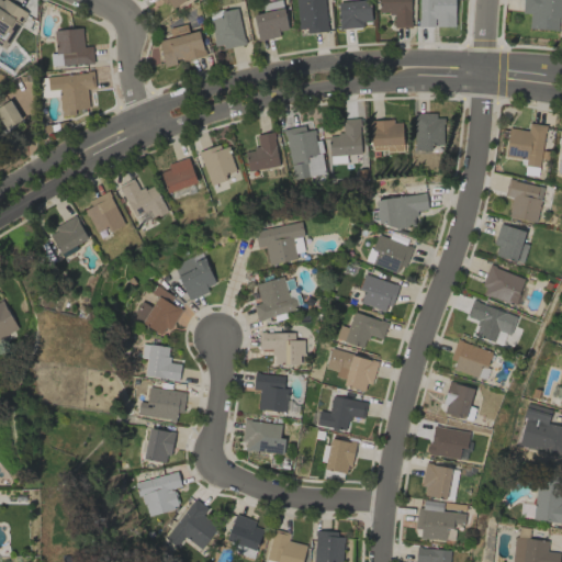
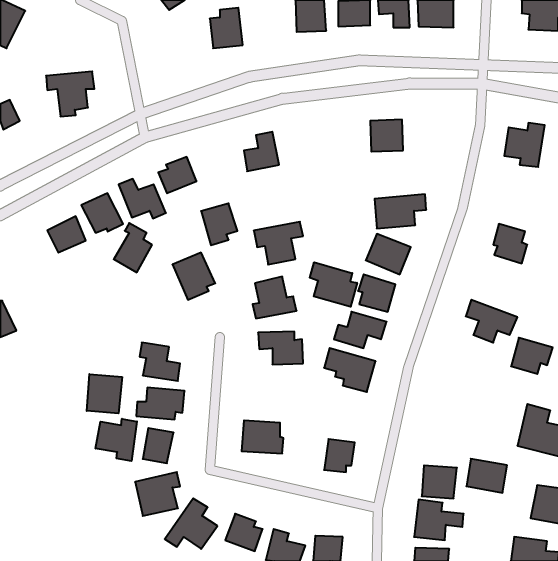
building: [256,8,291,41] -> none
building: [160,24,207,67] -> none
building: [53,27,95,65] -> none
building: [416,113,445,150] -> none
building: [330,119,366,155] -> none
building: [286,123,328,179] -> none
building: [202,144,238,186] -> [201,203,237,245]
building: [506,179,547,223] -> none
building: none -> [310,262,357,307]
building: [482,266,527,306] -> none
building: [144,286,182,336] -> [114,223,152,272]
building: [452,340,494,376] -> [511,338,553,374]
building: [255,372,291,412] -> none
building: none -> [87,374,122,413]
building: [443,381,476,419] -> none
building: [318,395,369,431] -> none
building: none -> [96,419,137,461]
building: [430,426,471,460] -> [466,459,507,493]

